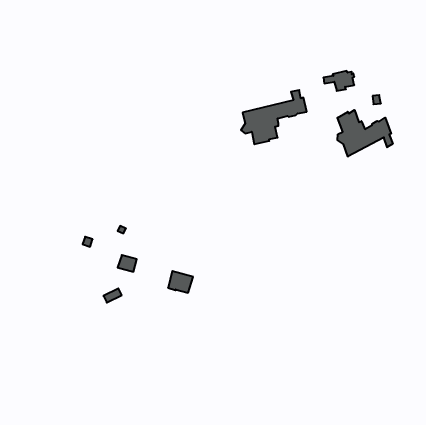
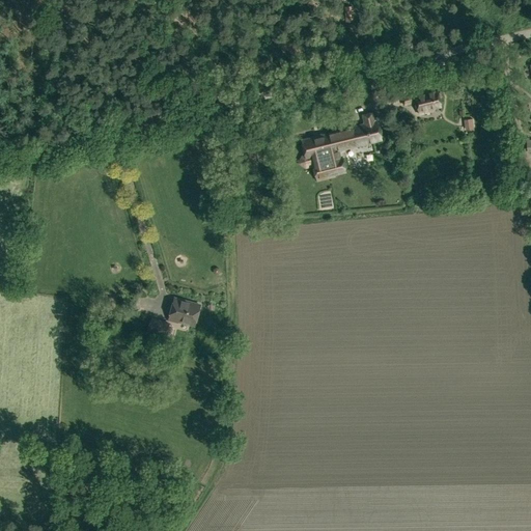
building: [337,110,393,157] -> none
building: [168,271,193,293] -> [169,299,200,326]

